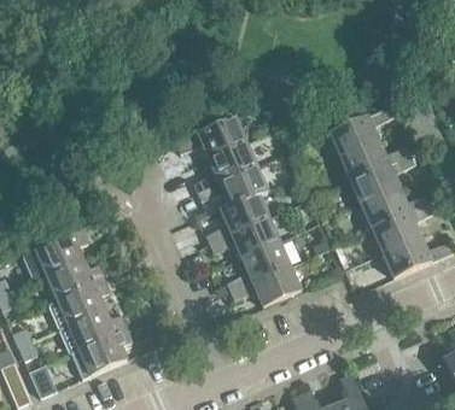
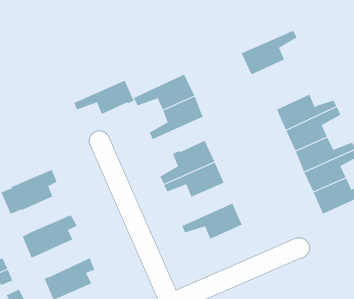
building: [327,106,392,158] -> [241,30,298,75]
building: [197,166,267,206] -> [73,80,134,115]
building: [227,242,290,292] -> none
building: [46,258,104,299] -> none
building: [58,307,126,353] -> none

